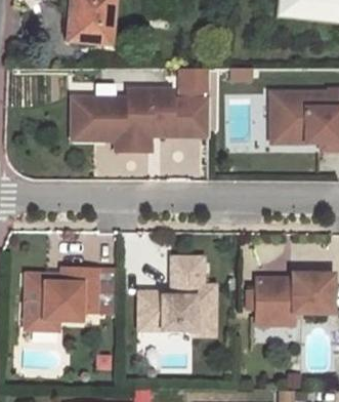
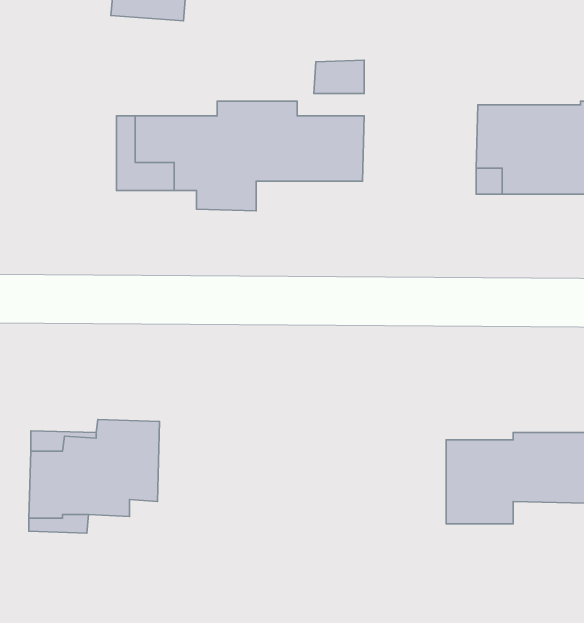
building: [138,255,215,333] -> none

